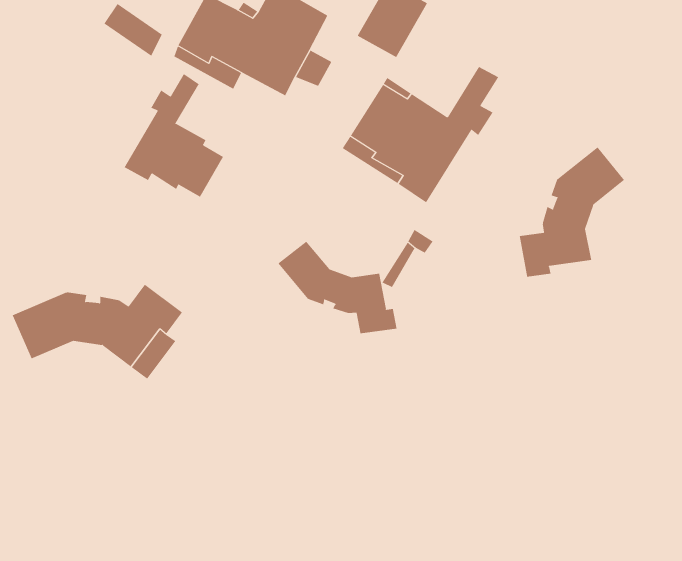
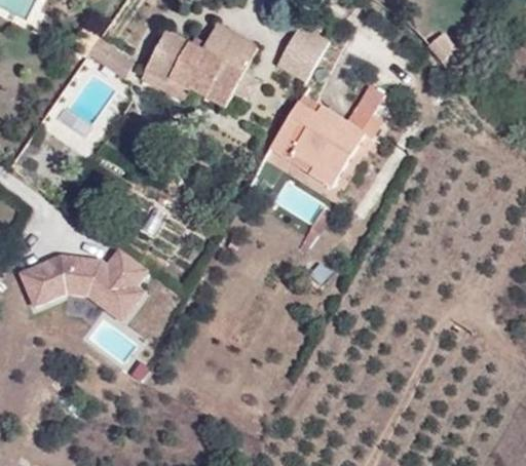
building: [124,73,224,198] -> none
building: [519,147,625,277] -> none
building: [278,241,397,334] -> none

